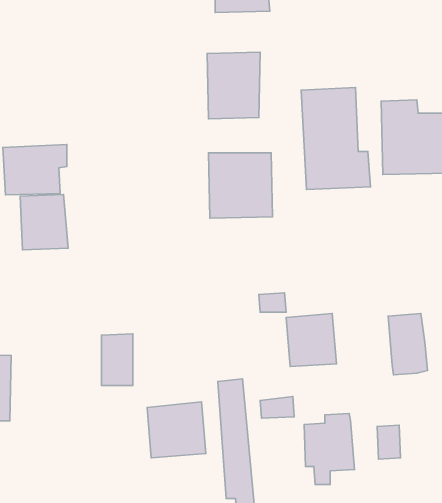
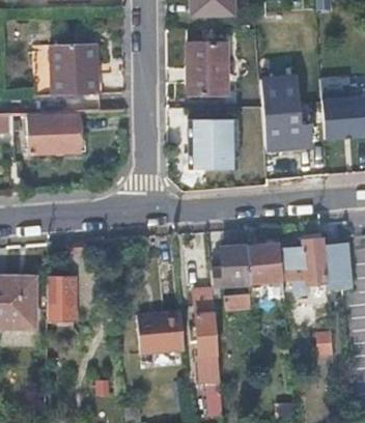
building: none -> [49,43,97,95]
building: [20,195,68,250] -> none
building: none -> [212,246,249,286]
building: [102,334,133,385] -> [48,275,72,314]
building: [304,414,355,484] -> [288,239,327,293]

